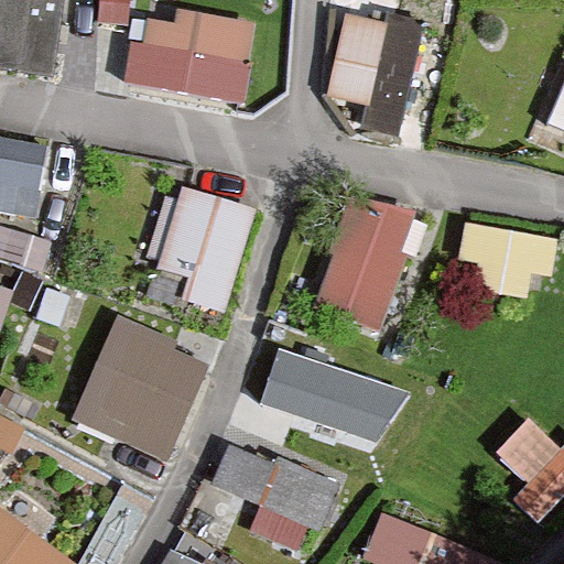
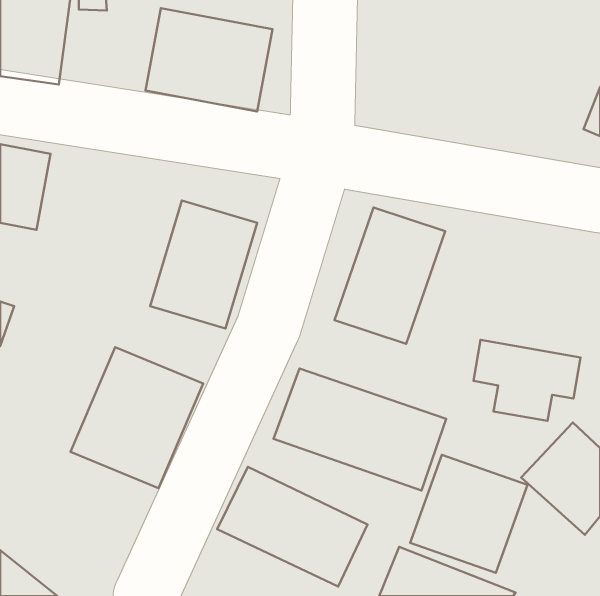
building: [327,10,423,132] -> none
building: [457,219,557,295] -> [474,340,580,421]
building: none -> [410,455,528,573]

